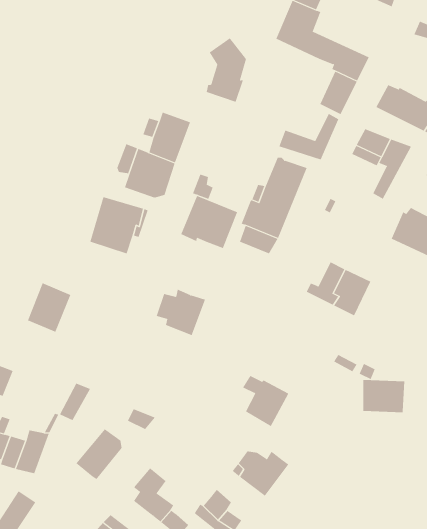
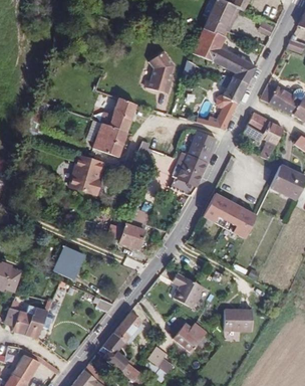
building: [181,195,238,249] -> none
building: none -> [203,190,230,219]
building: [27,283,71,333] -> [58,247,87,280]
building: [363,379,405,413] -> [225,310,253,332]
building: [76,428,123,480] -> [110,313,141,347]

